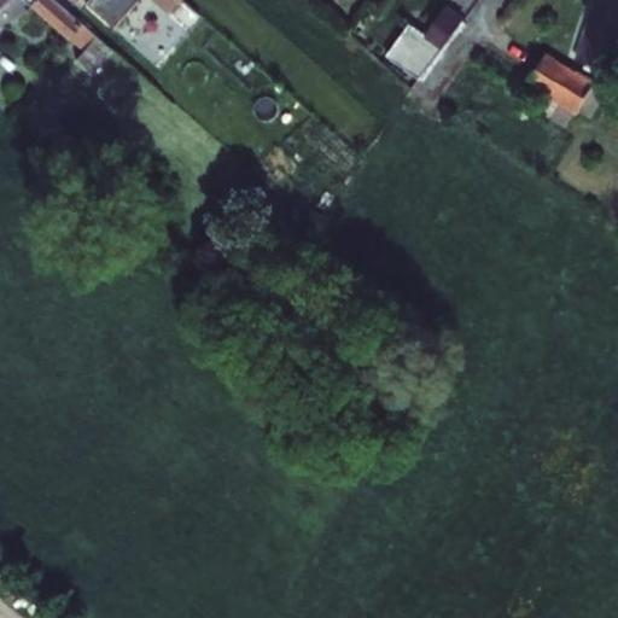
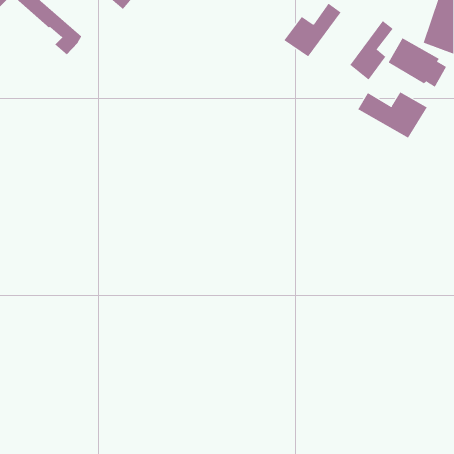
building: none -> [349,20,393,81]
building: none -> [358,92,428,138]

